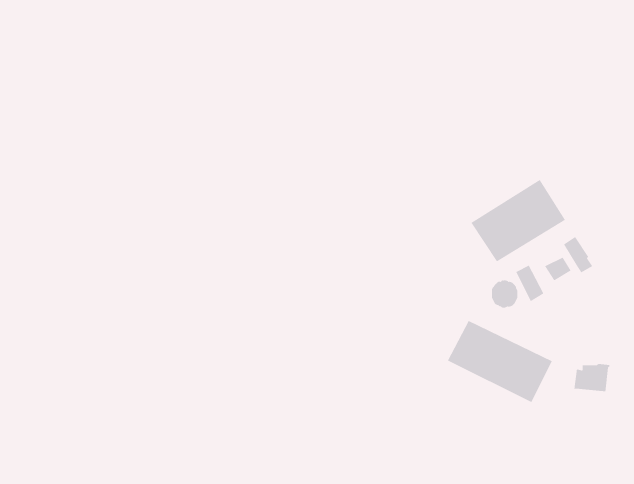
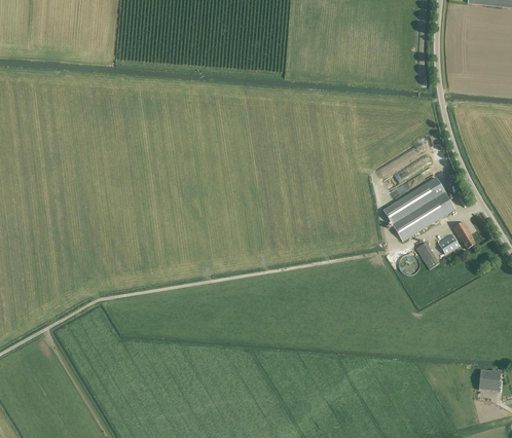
building: [447,320,553,403] -> none
building: [574,363,610,392] -> [474,368,502,390]

